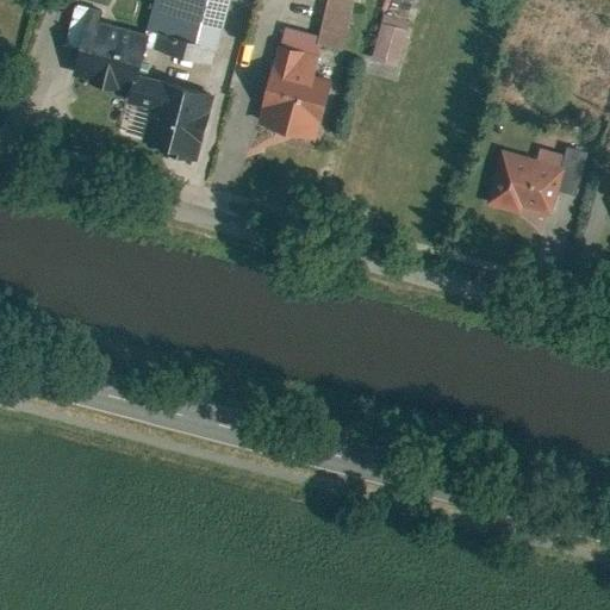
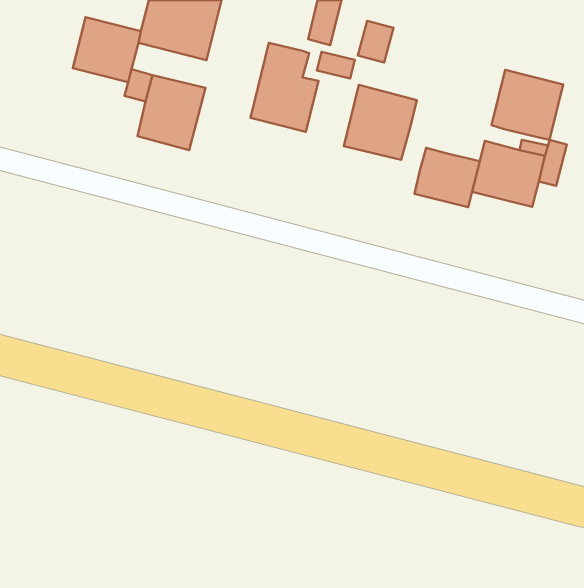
building: [278,27,317,55] -> [317,52,355,78]
building: none -> [491,70,563,140]
building: none -> [344,85,417,160]
building: none -> [415,148,480,207]

